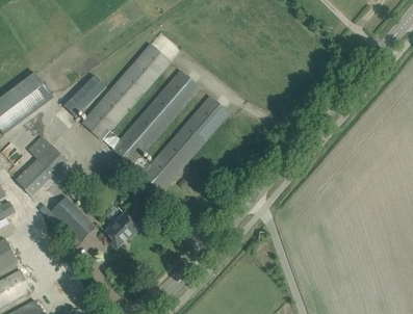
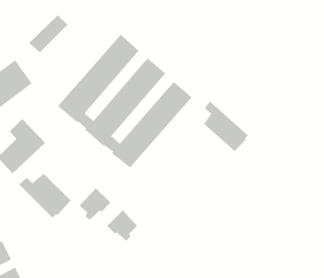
building: [62,75,106,117] -> [28,14,68,53]
building: none -> [204,101,249,152]
building: none -> [106,210,138,242]

